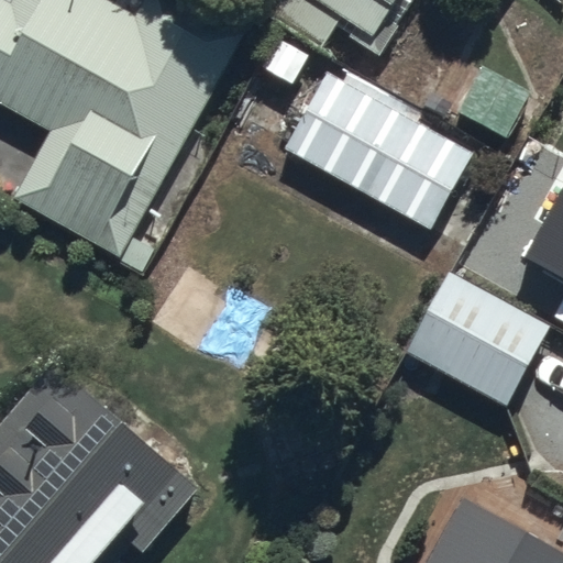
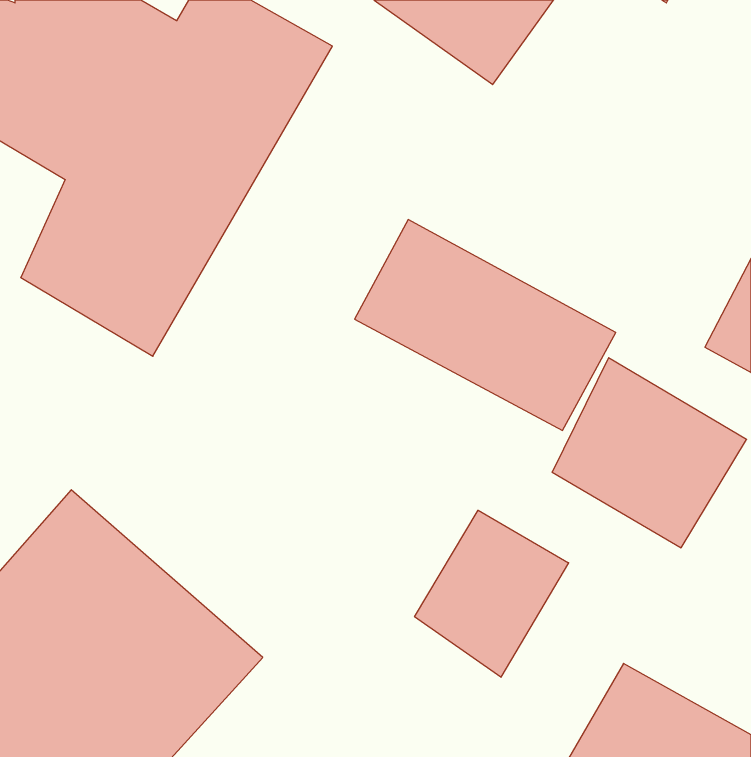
building: [282,70,475,227] -> [355,220,616,430]
building: none -> [415,510,569,677]

